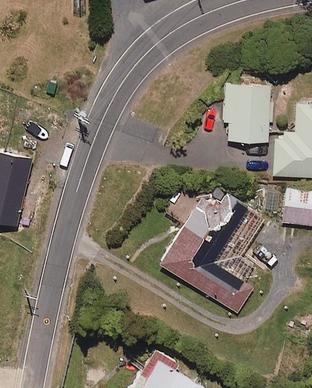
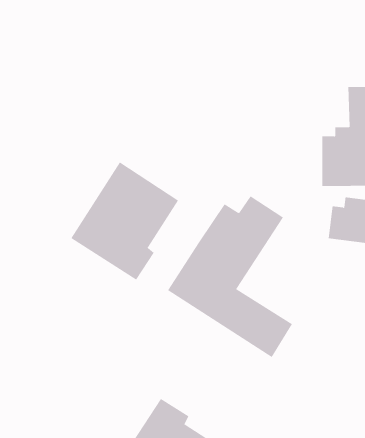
building: [224,81,275,140] -> none
building: none -> [70,162,179,281]

